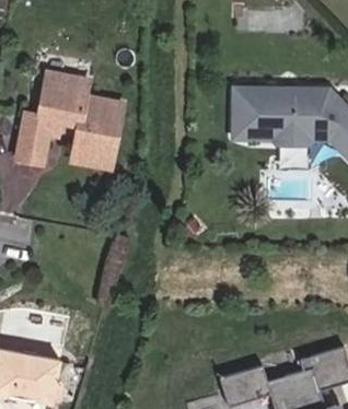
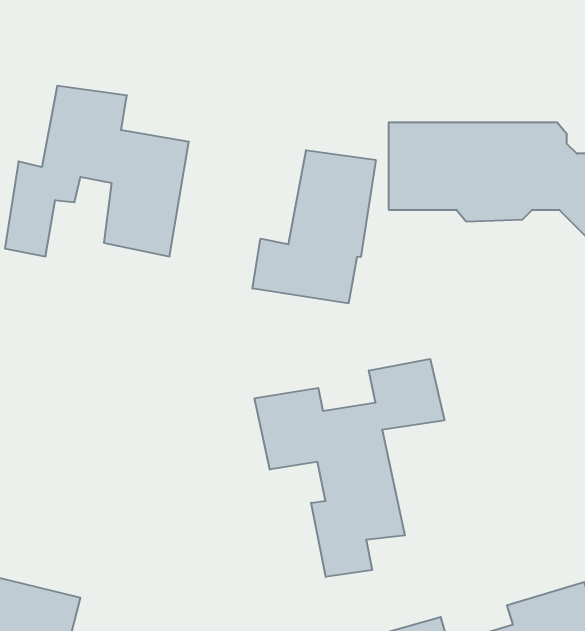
building: none -> [252,150,376,303]
building: none -> [255,359,444,577]

